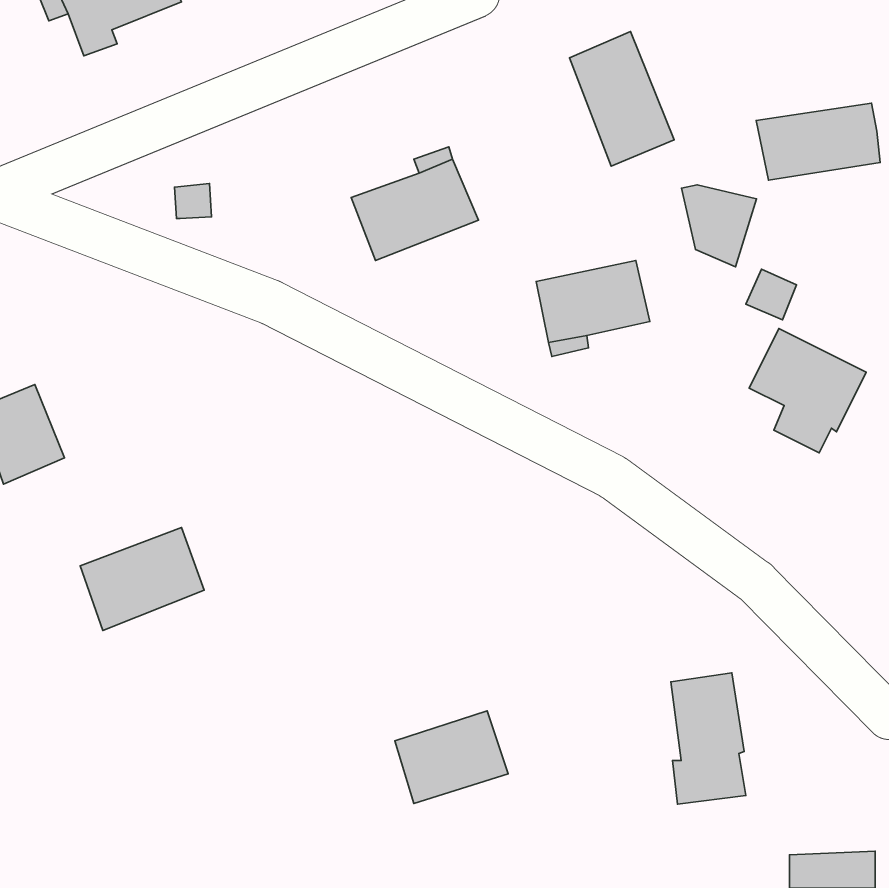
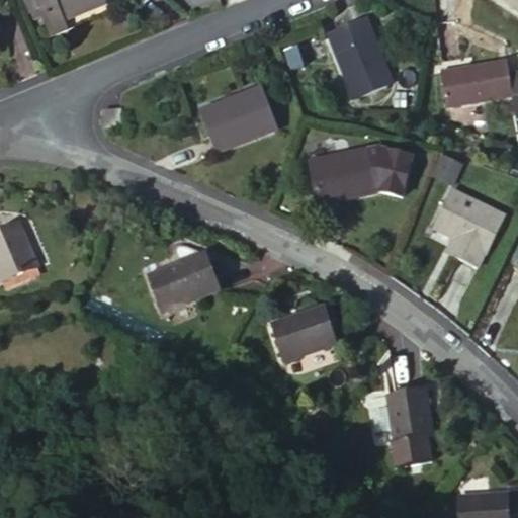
building: [681,185,757,267] -> [368,149,412,196]
building: [80,527,204,630] -> [149,252,221,312]
building: [395,711,508,804] -> [271,307,337,360]

